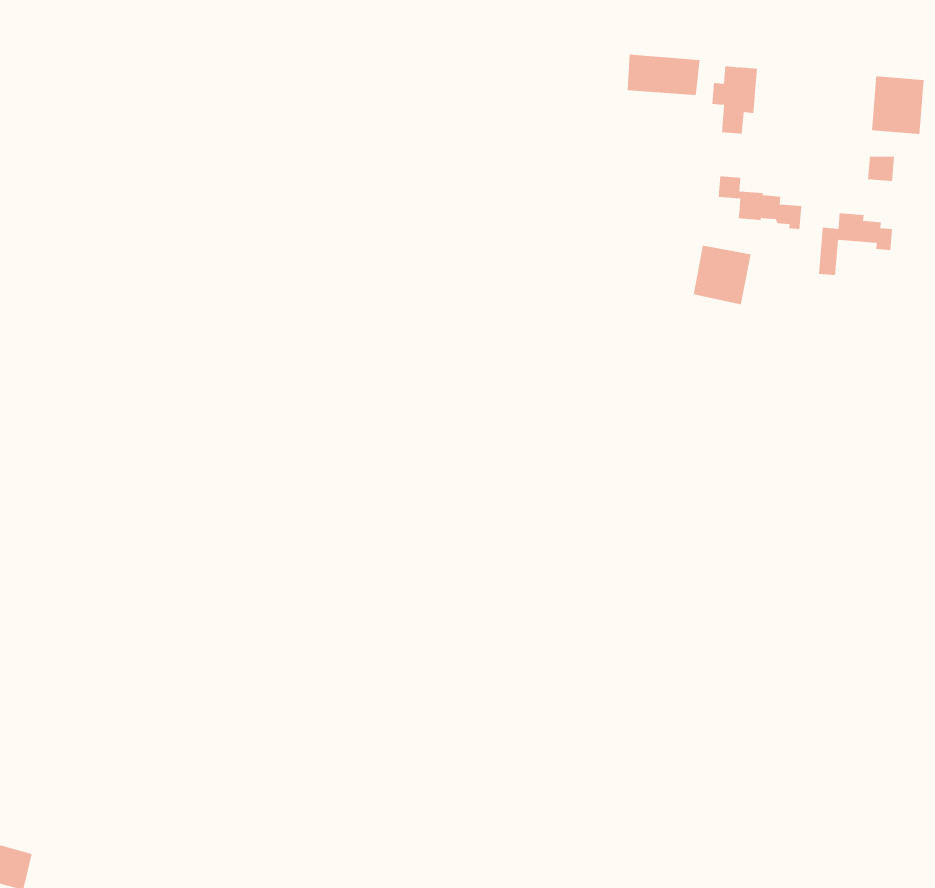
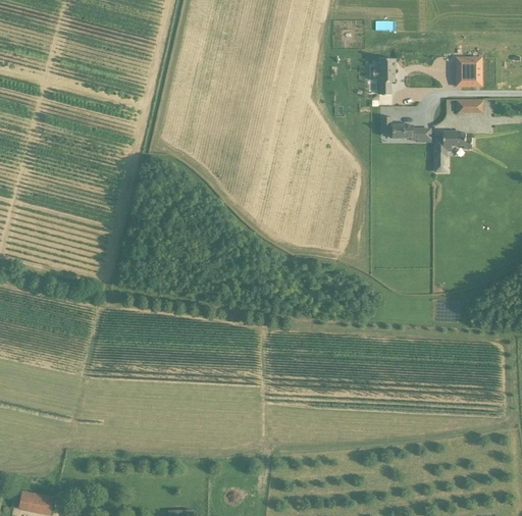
building: [627,54,700,96] -> none
building: [693,245,751,305] -> none

